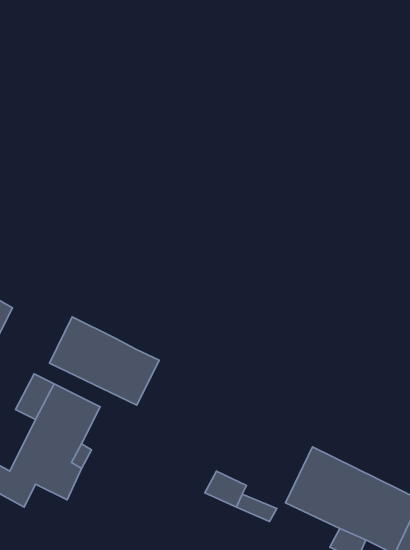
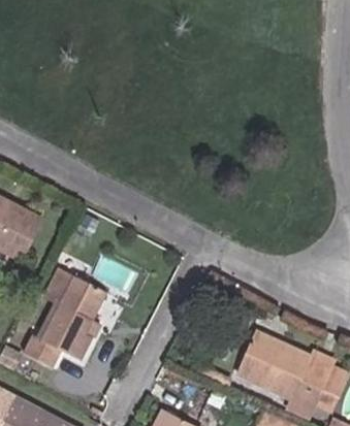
building: [50,317,159,405] -> none

